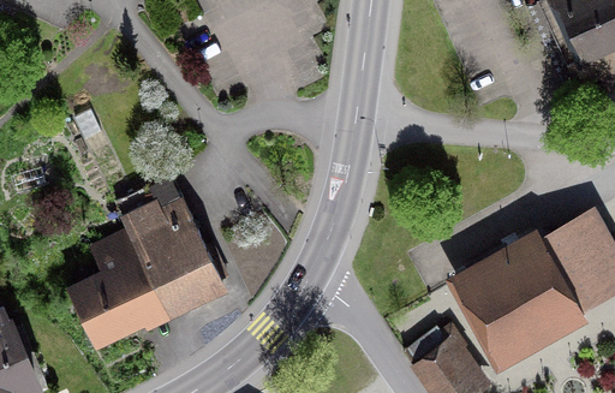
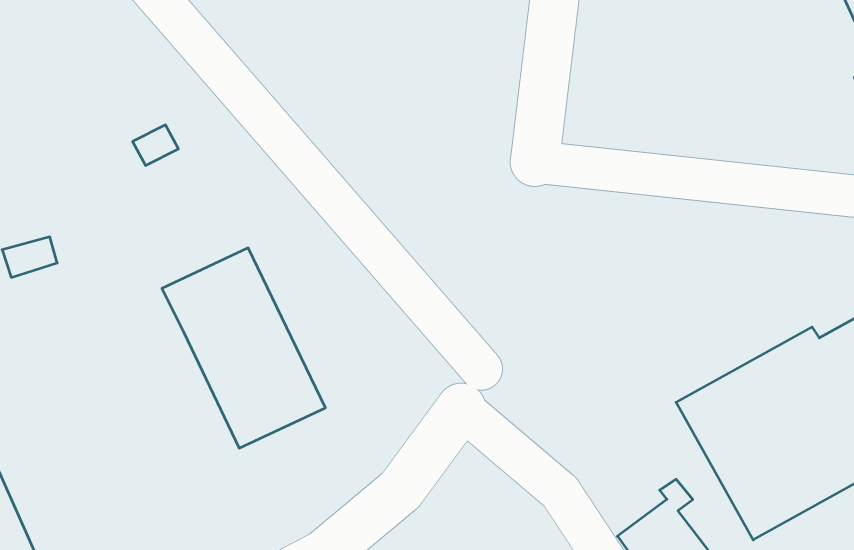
building: [68,232,163,343] -> none

